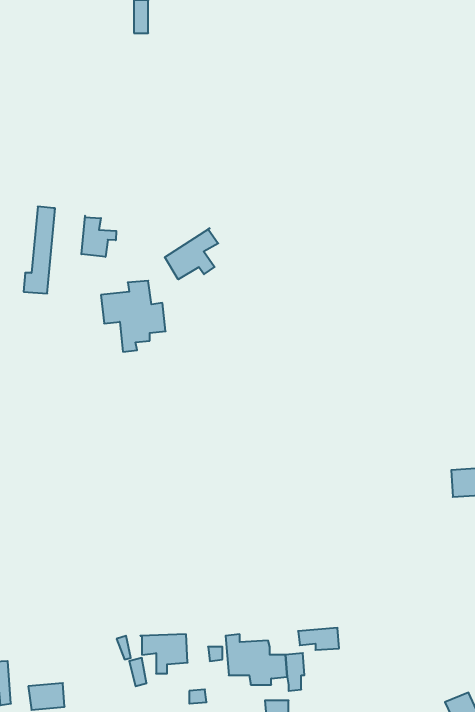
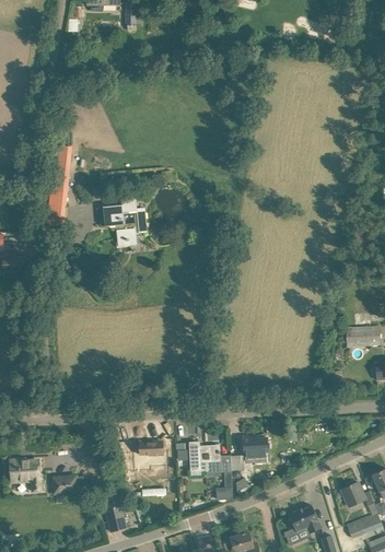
building: [81,216,116,257] -> none
building: [165,228,218,279] -> none

